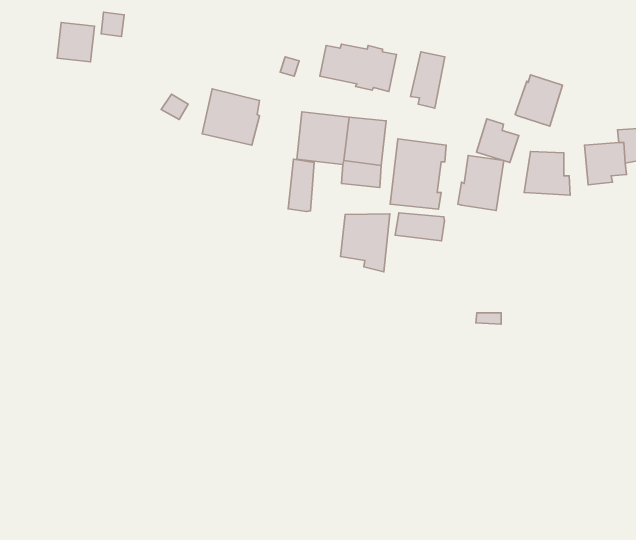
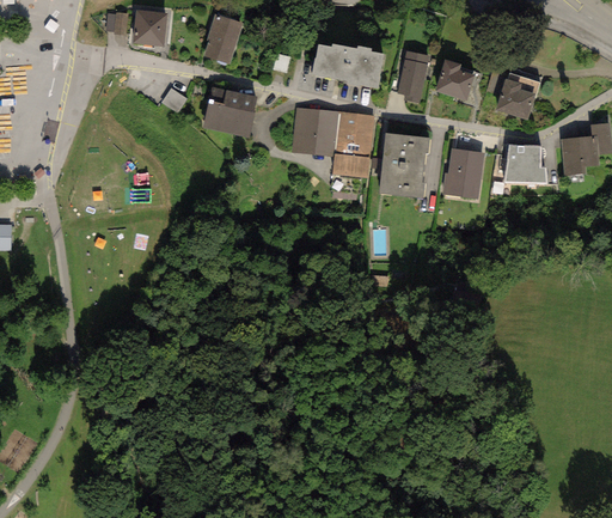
building: none -> [204,14,241,62]
building: [57,22,94,62] -> [133,8,167,45]
building: [477,119,519,162] -> [435,59,475,99]
building: [288,159,314,212] -> none
building: [395,213,444,241] -> none
building: [340,214,390,272] -> none

